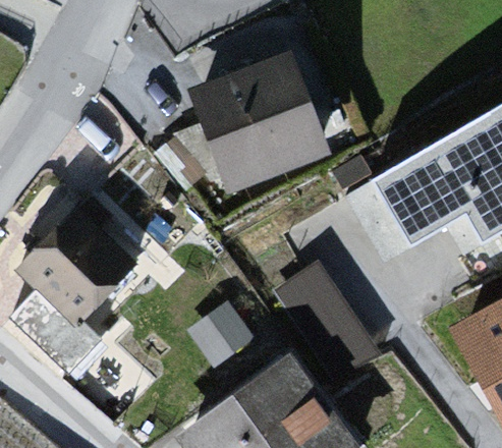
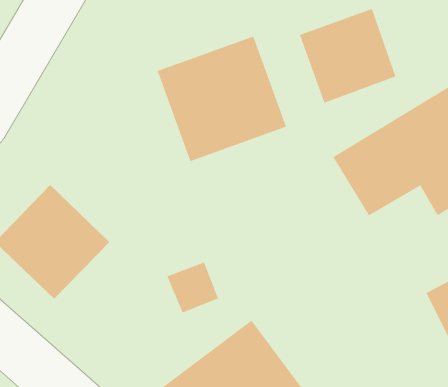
building: none -> [299,8,396,103]
building: [278,246,380,369] -> none

